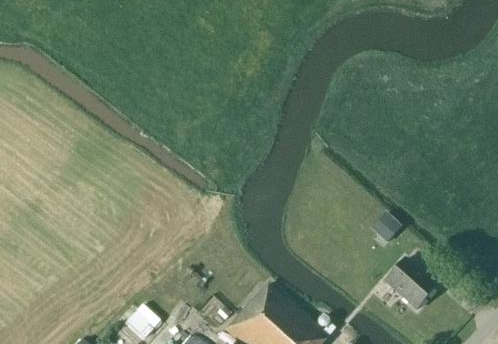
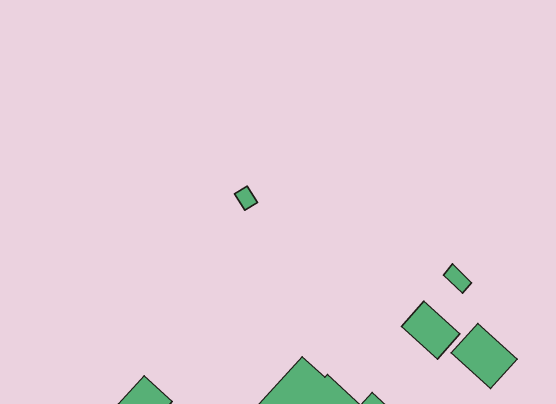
building: none -> [401,301,460,359]

